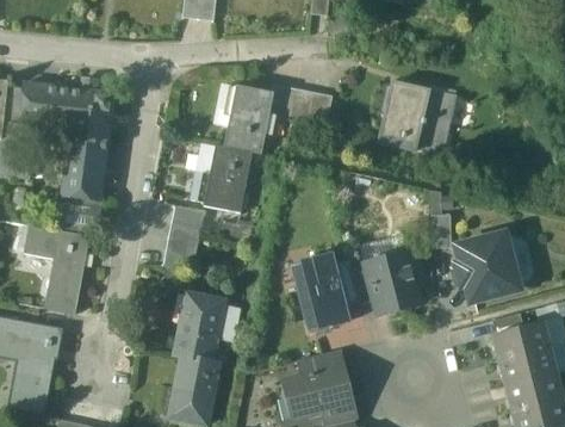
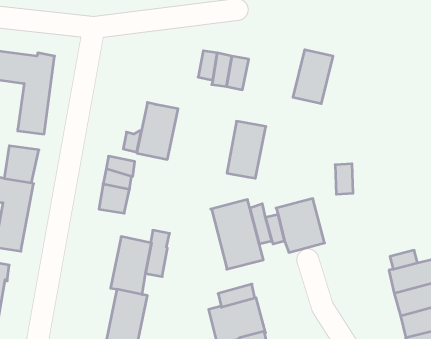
building: [228,88,272,153] -> [227,121,266,178]
building: [415,88,455,154] -> none
building: [61,173,101,198] -> none
building: [457,235,517,299] -> none

